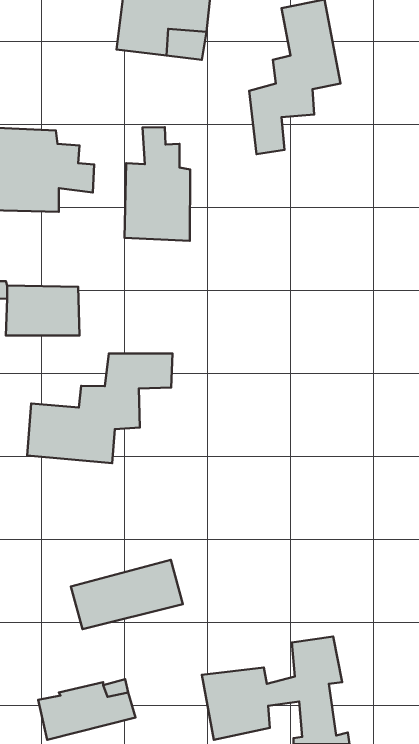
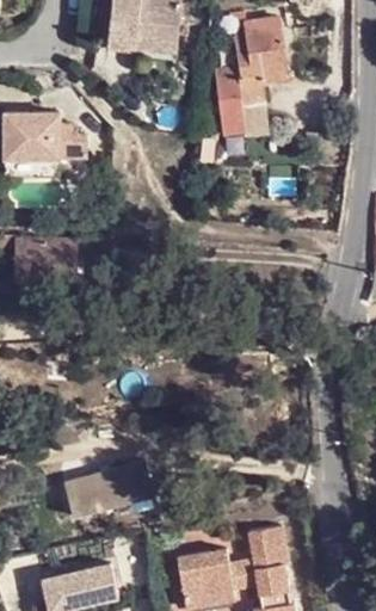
building: [125,127,190,241] -> none
building: [27,354,172,463] -> none

